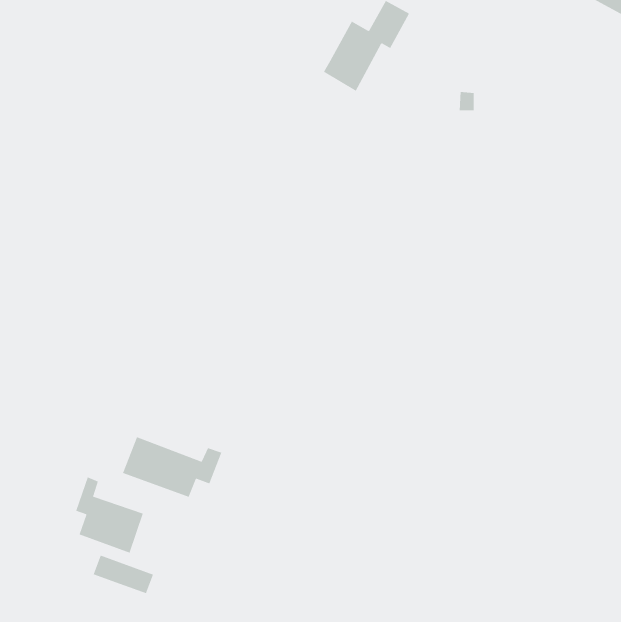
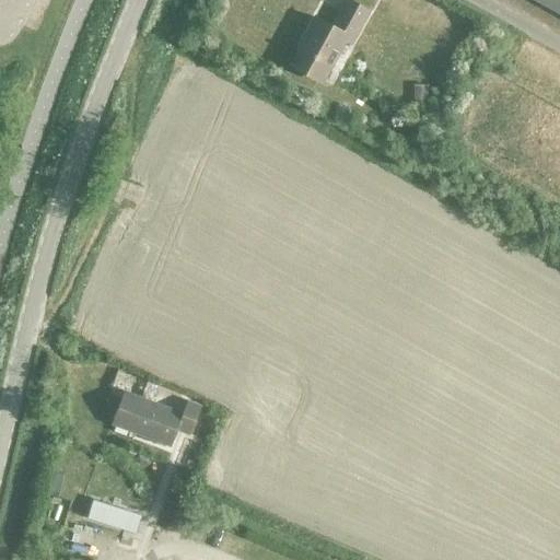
building: [75,477,144,553] -> none

